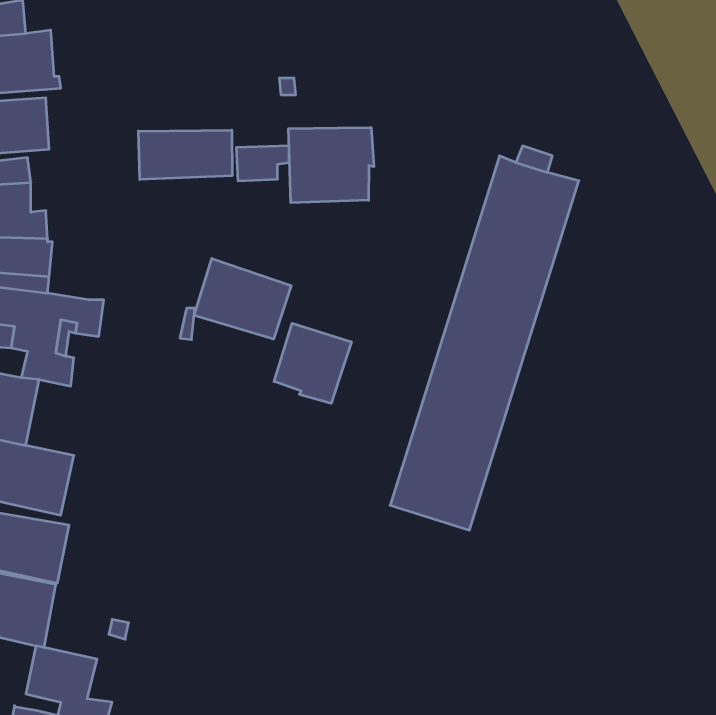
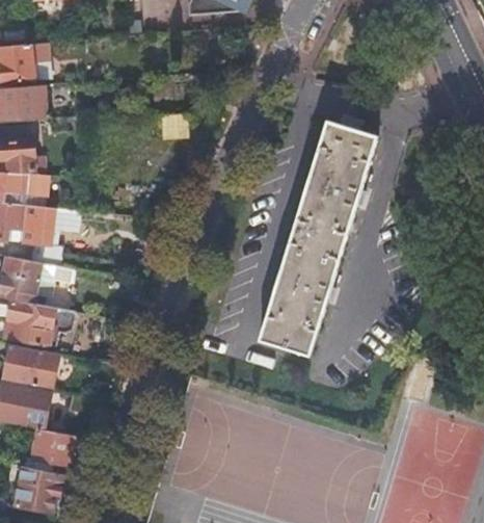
building: [289,127,374,203] -> none
building: [138,130,232,180] -> none
building: [194,258,291,339] -> none
building: [274,323,351,403] -> none

